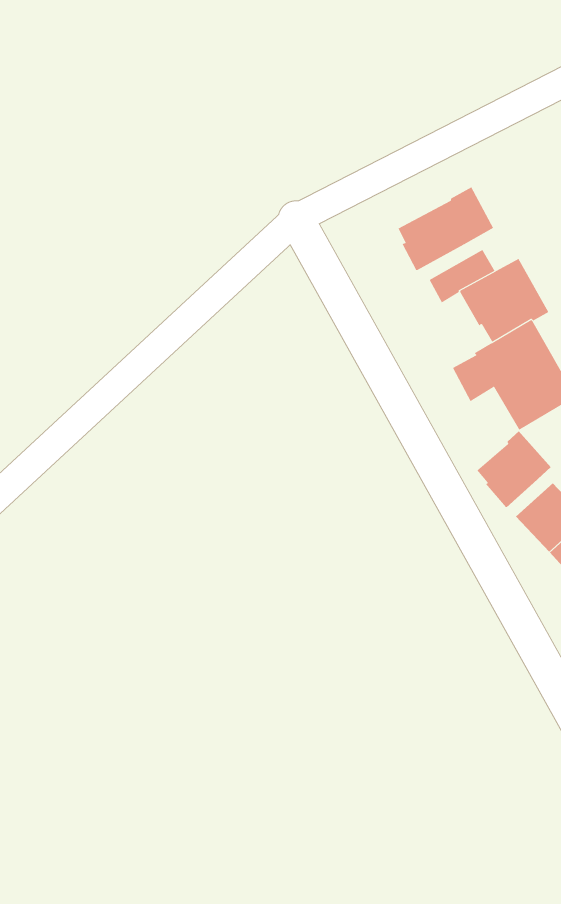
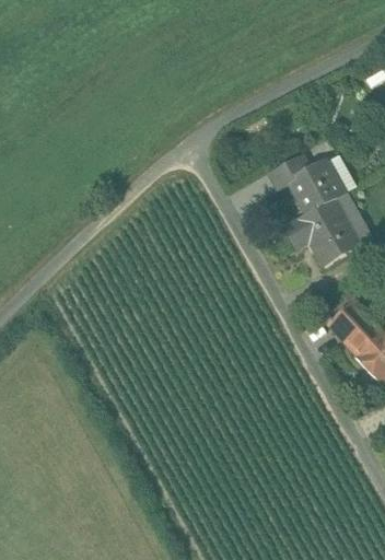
building: [398,186,494,271] -> none
building: [476,430,552,508] -> none

